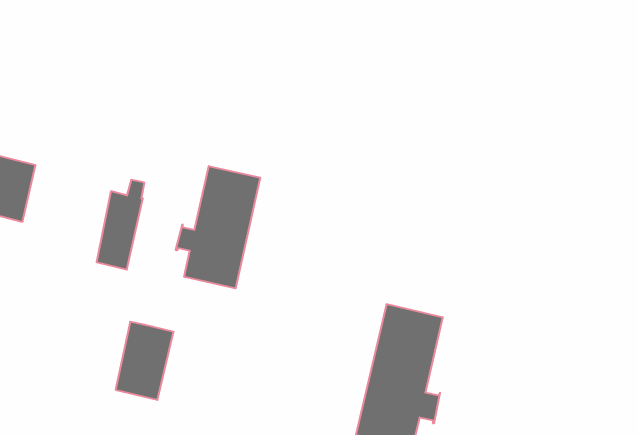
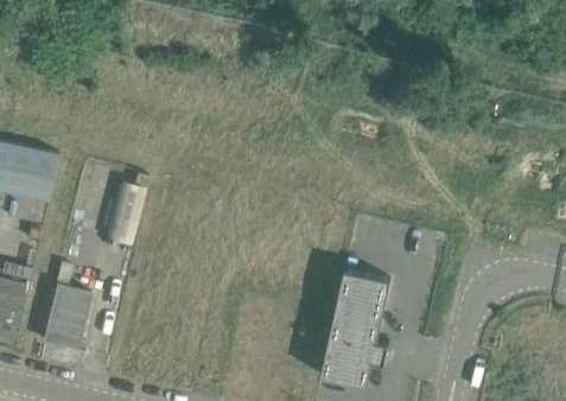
building: [176,166,260,288] -> none
building: [116,322,174,400] -> [43,286,90,350]

